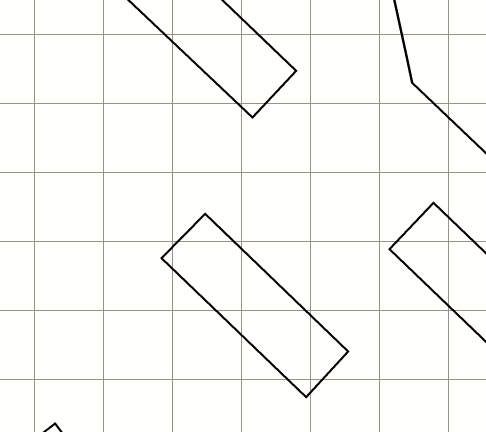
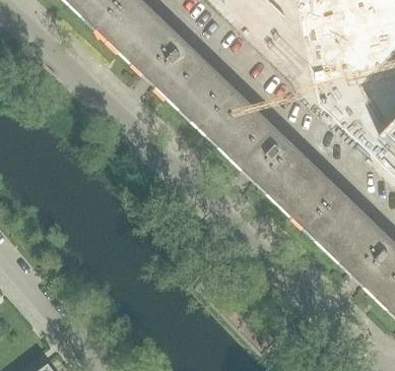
building: none -> [202,92,340,229]
building: [162,214,348,397] -> none

